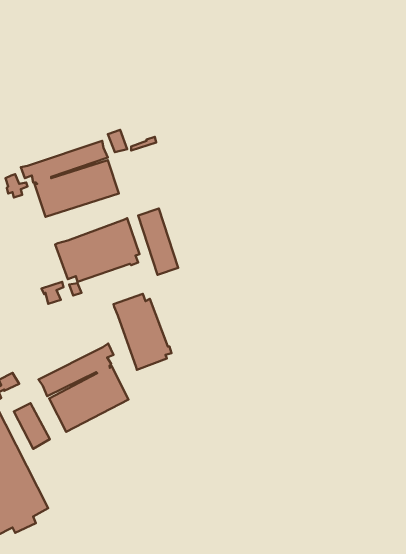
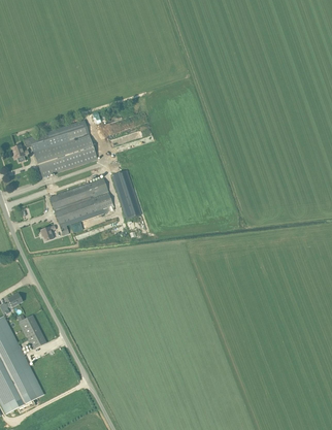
building: [113,294,172,370] -> none
building: [39,344,128,432] -> none

